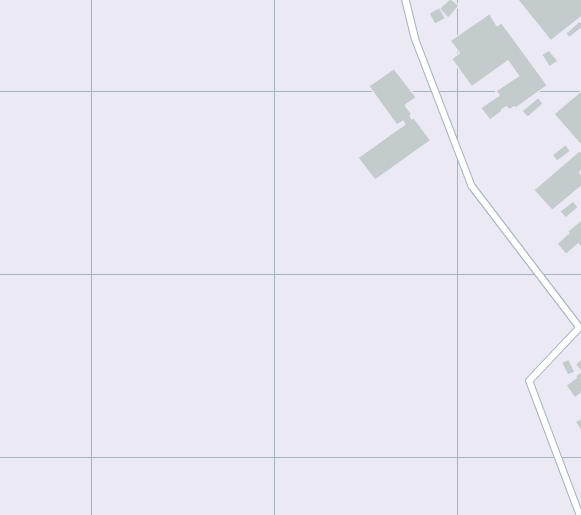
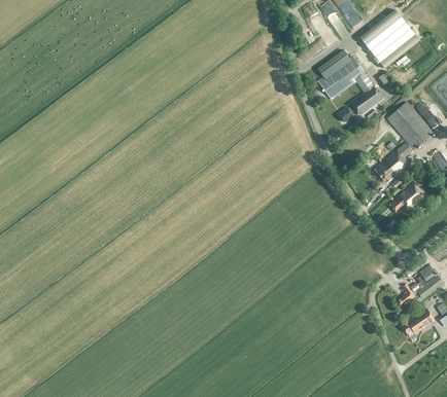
building: [358,69,431,180] -> none

